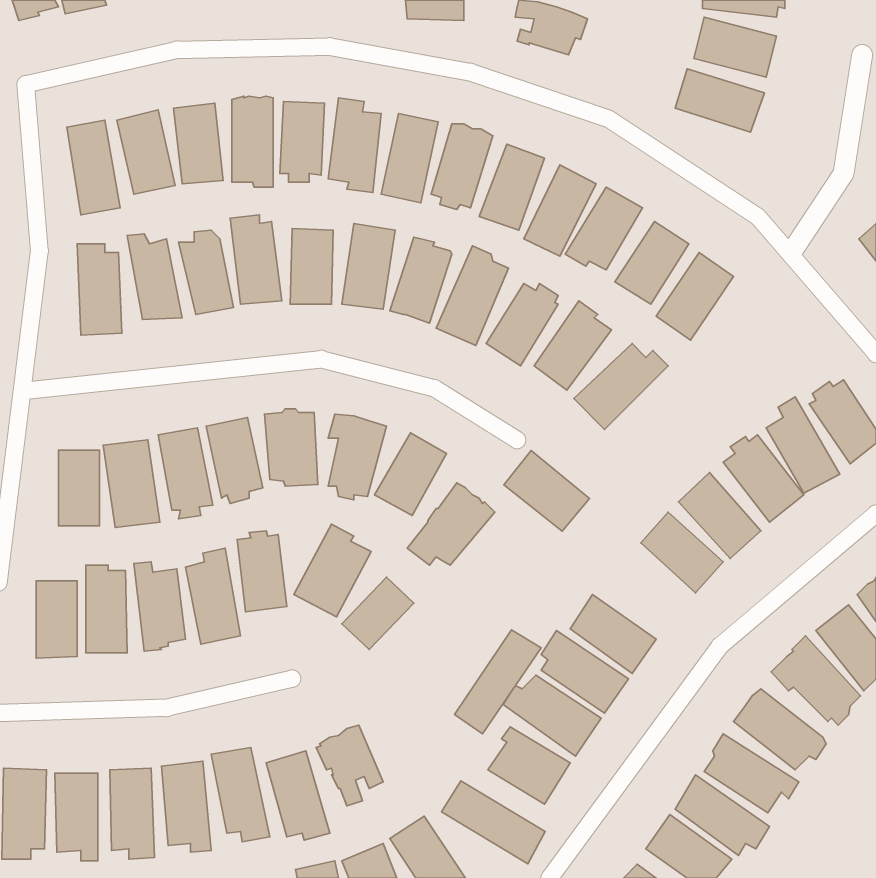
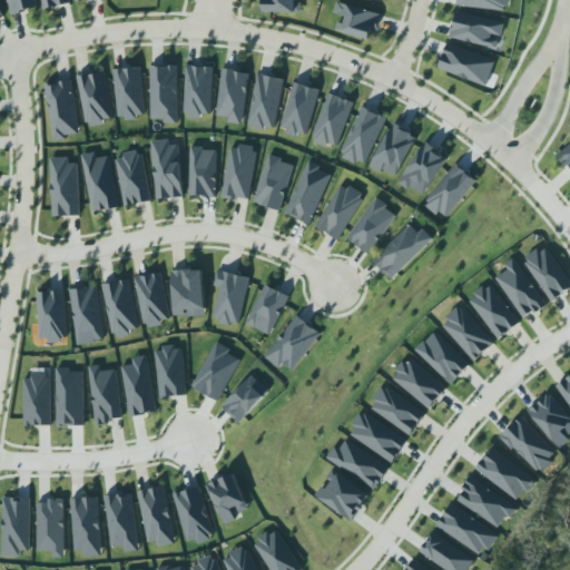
building: [504,450,590,531] -> [391,357,446,410]
building: [455,630,541,734] -> none
building: [442,781,545,864] -> none

